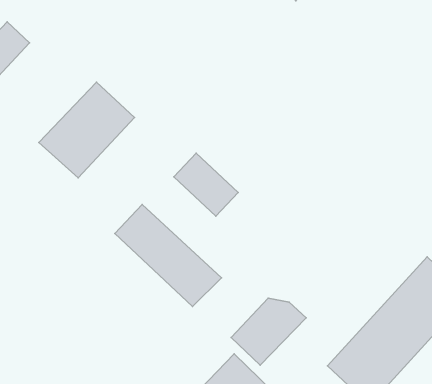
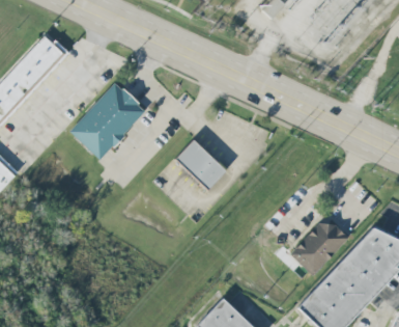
building: [115,204,221,307] -> none
building: [231,298,306,365] -> [291,223,350,276]

